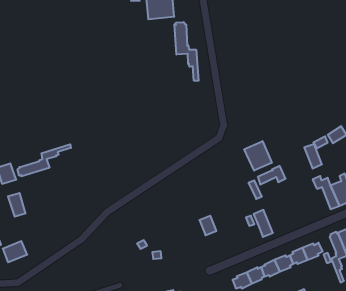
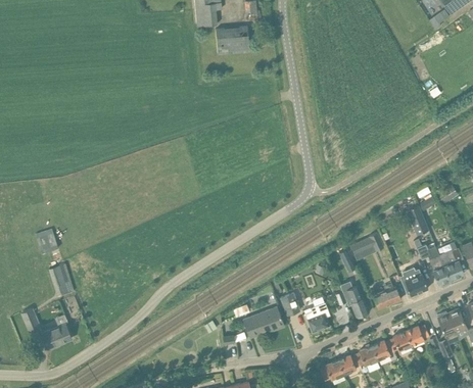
building: [174,22,199,81] -> none
building: [244,141,272,171] -> none
building: [18,144,71,176] -> none
building: none -> [399,268,428,295]
building: none -> [373,283,400,308]
building: none -> [304,302,330,332]
building: none -> [243,306,284,337]

